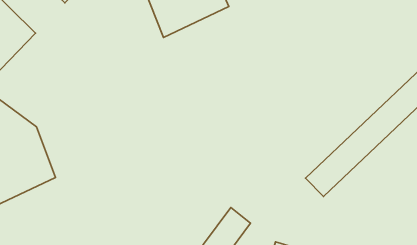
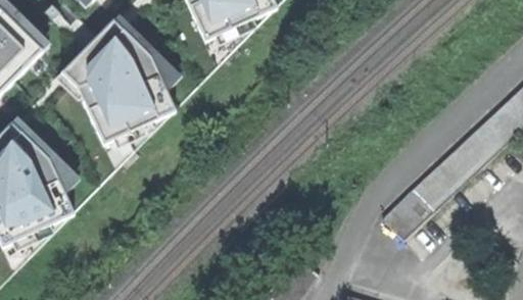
building: none -> [63,19,184,147]

